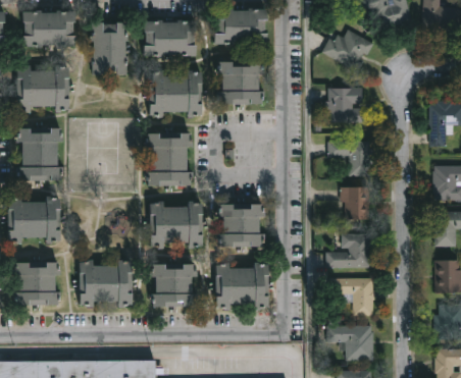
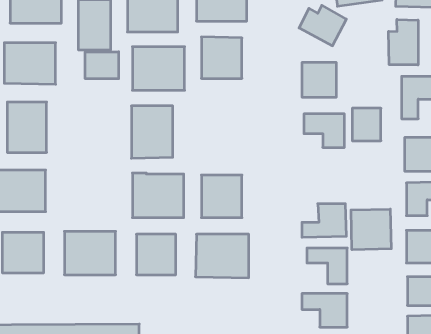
building: none -> [389,19,418,65]
building: none -> [85,52,119,79]
building: [340,186,369,220] -> [352,108,381,141]
building: none -> [351,209,391,250]

